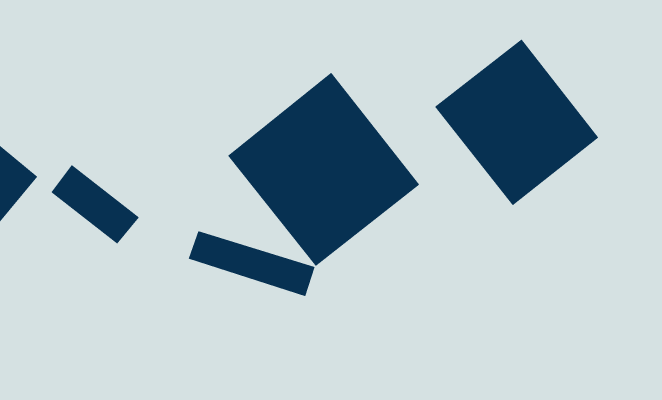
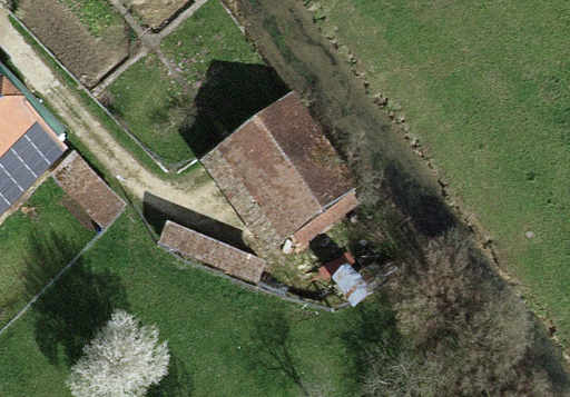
building: [434,38,599,206] -> none

